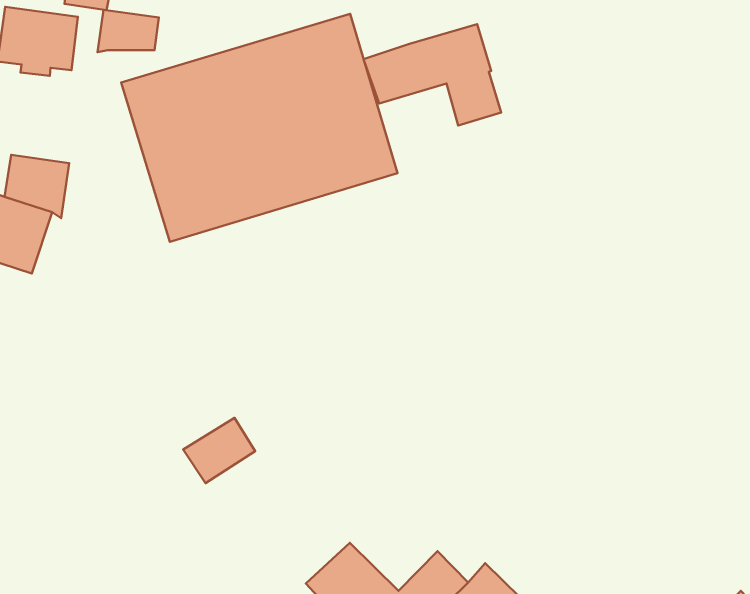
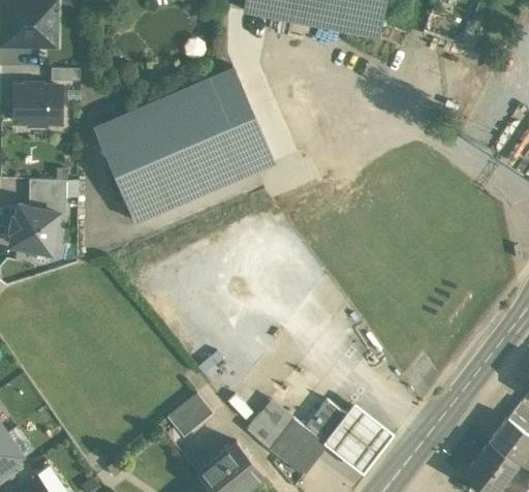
building: [98,10,159,52] -> none
building: [364,24,501,126] -> none
building: [183,418,255,483] -> [166,395,212,438]

